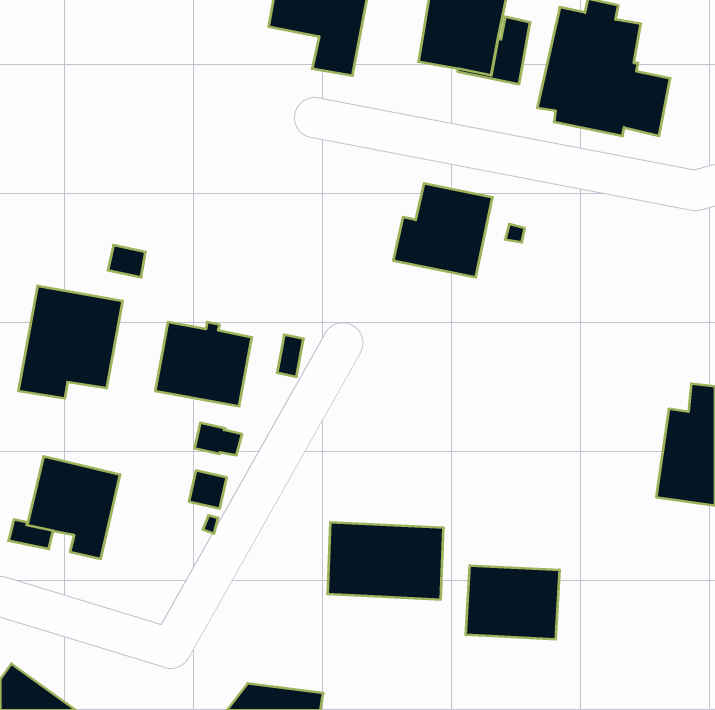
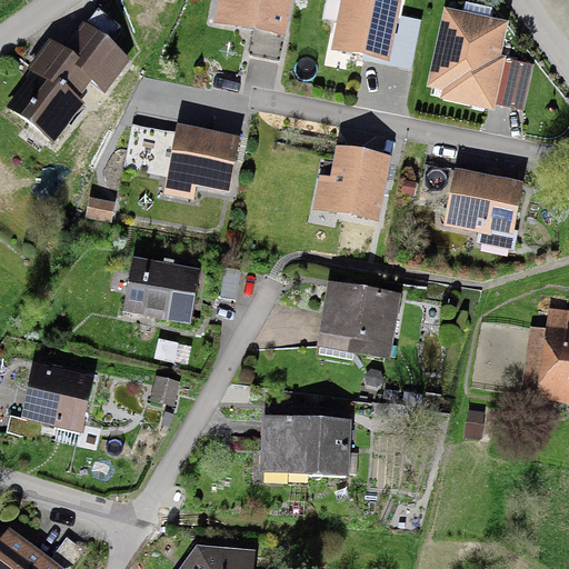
building: none -> [7,23,130,141]
building: none -> [164,124,241,198]
building: none -> [443,169,525,248]
building: [18,286,122,398] -> none
building: none -> [318,280,401,359]
building: [466,565,559,639] -> none

